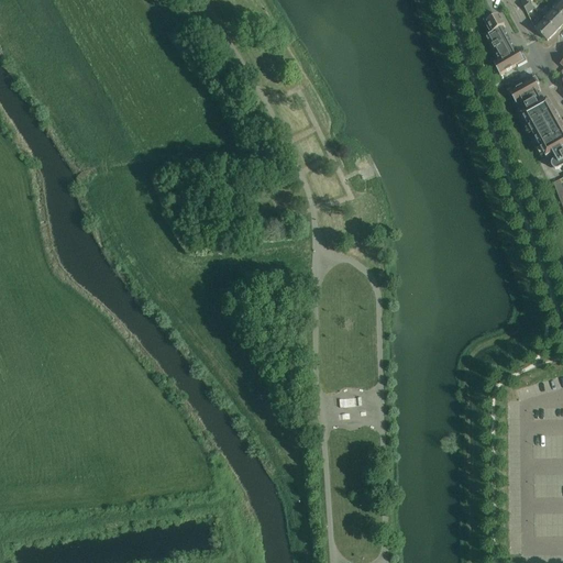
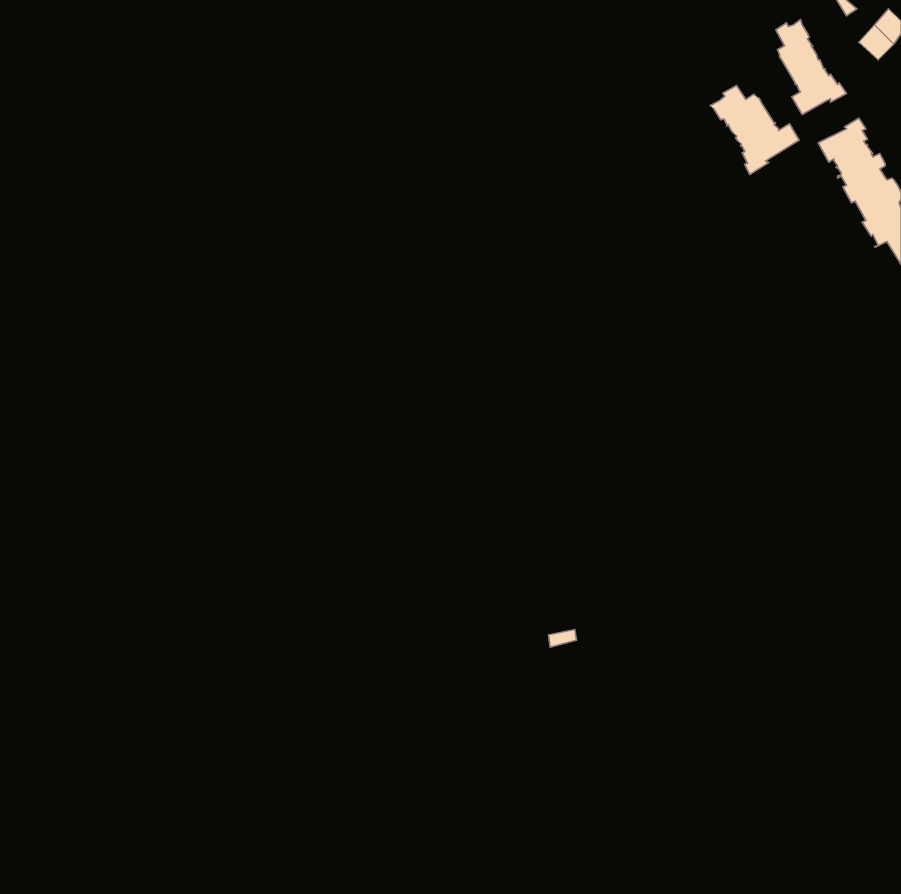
building: none -> [710,86,799,174]

